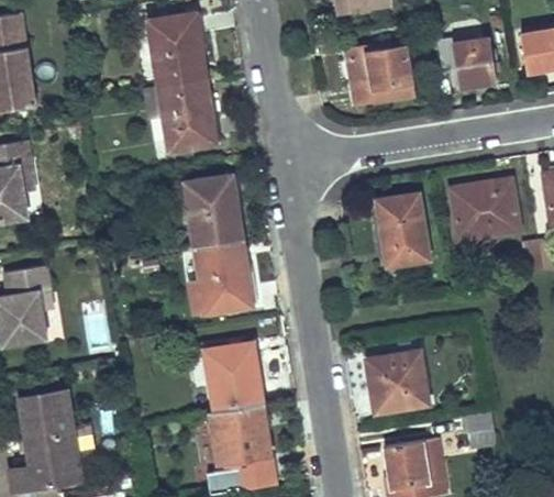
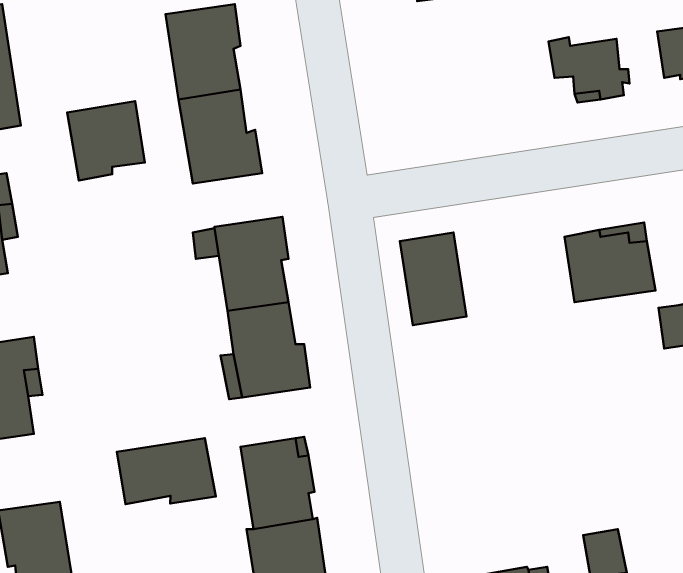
building: [345,45,412,103] -> none
building: none -> [67,101,145,180]
building: [377,195,428,265] -> [400,232,466,325]
building: none -> [117,438,216,504]
building: [366,351,428,412] -> none

